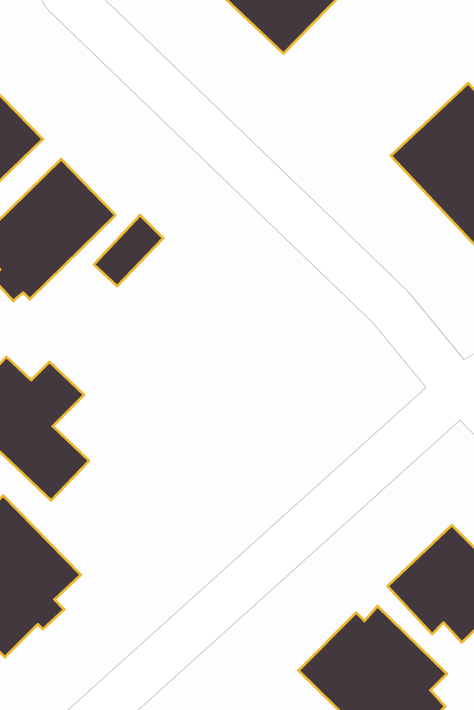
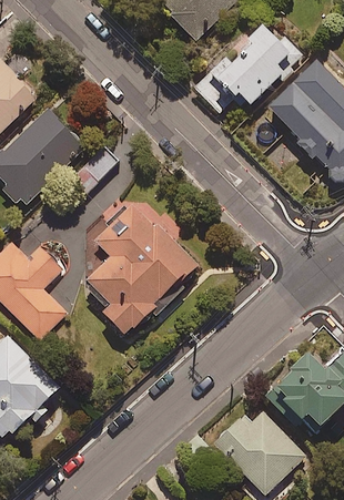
building: none -> [194,25,302,111]
building: none -> [87,197,198,336]

